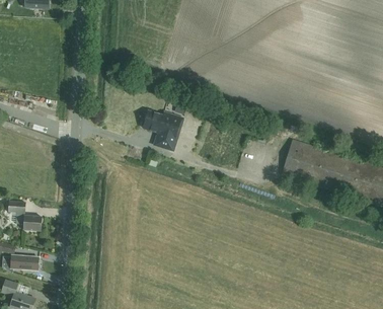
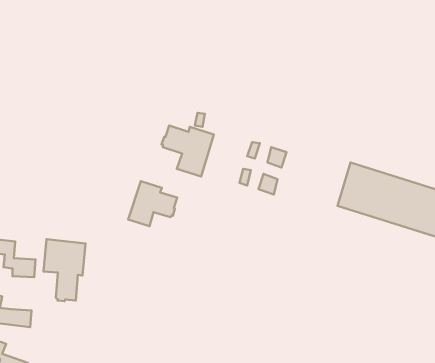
building: none -> [128,181,177,226]
building: none -> [44,239,85,301]

